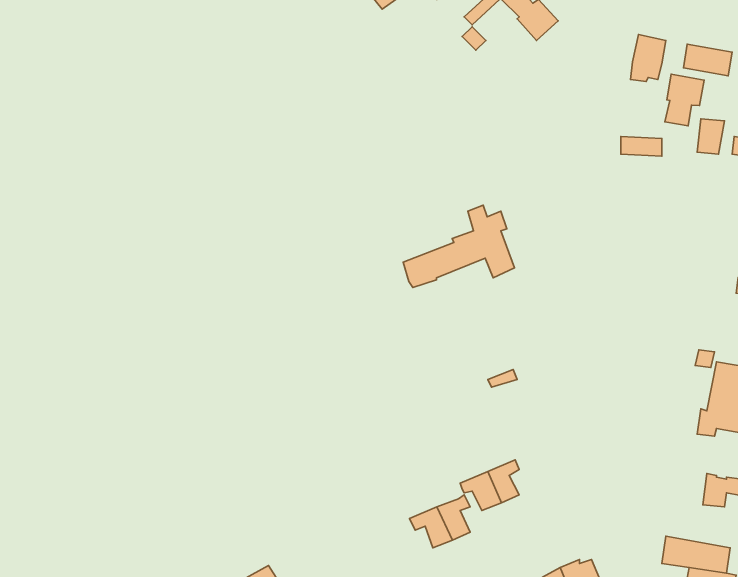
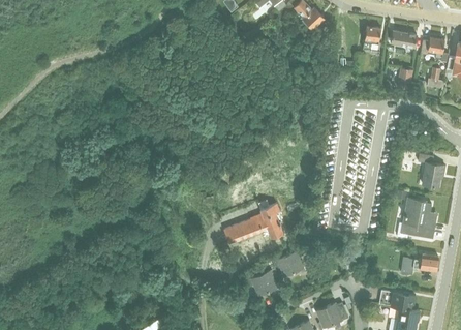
building: [665,74,704,126] -> none
building: [403,205,515,288] -> [224,199,283,242]

